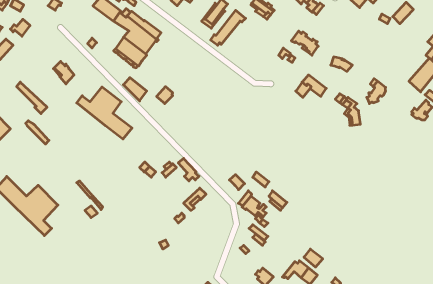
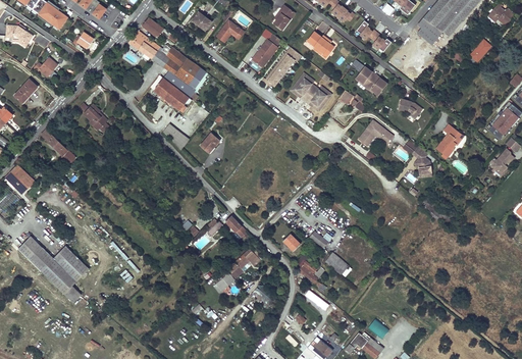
building: none -> [294,78,328,108]
building: [77,87,132,139] -> none

